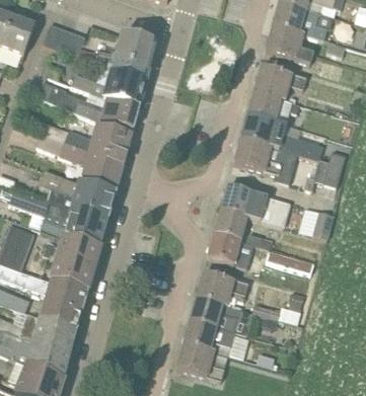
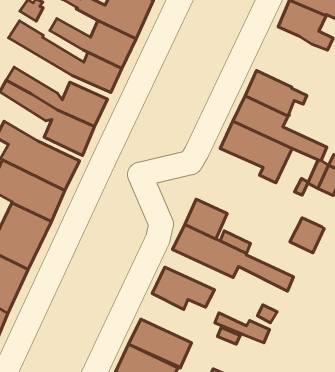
building: [253,66,306,100] -> none
building: [220,186,291,227] -> none
building: [190,297,241,332] -> none

